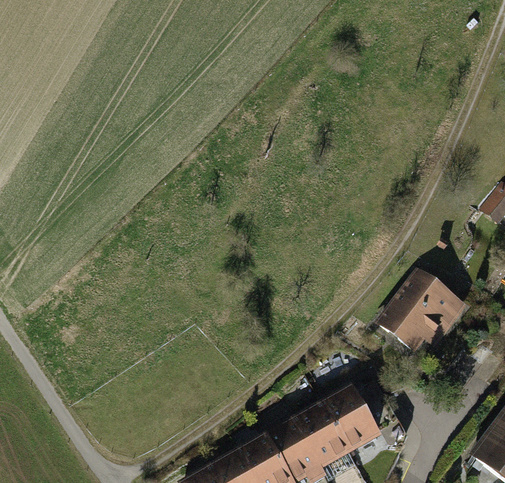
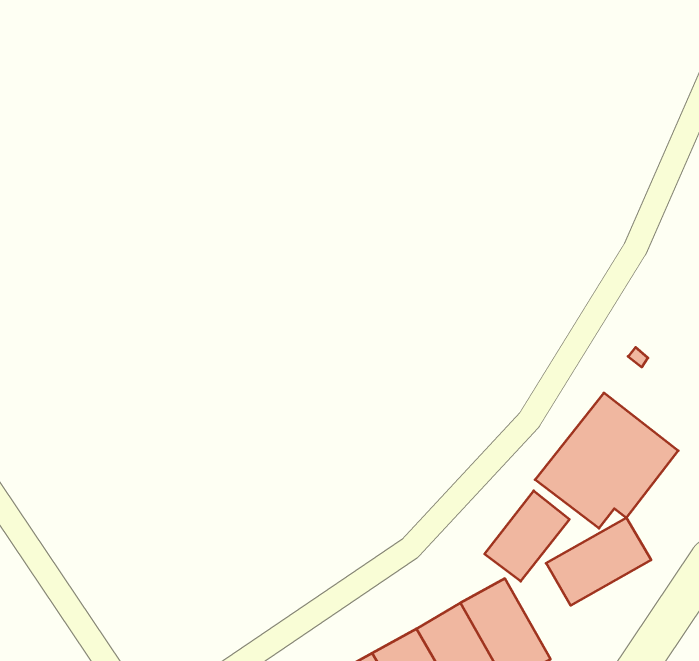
building: none -> [485,491,569,581]
building: none -> [546,518,651,605]

